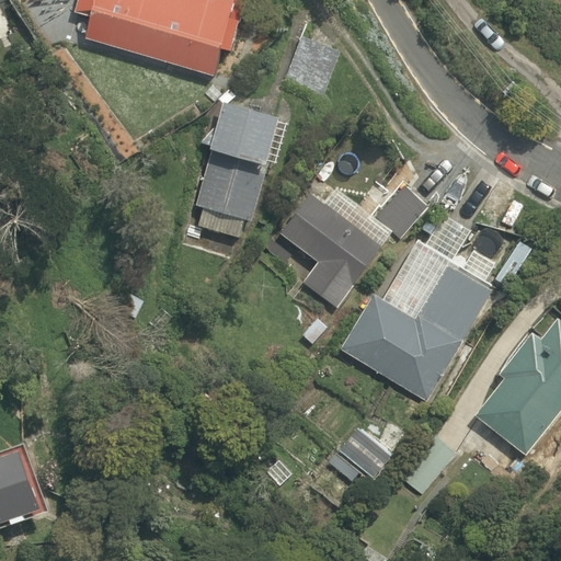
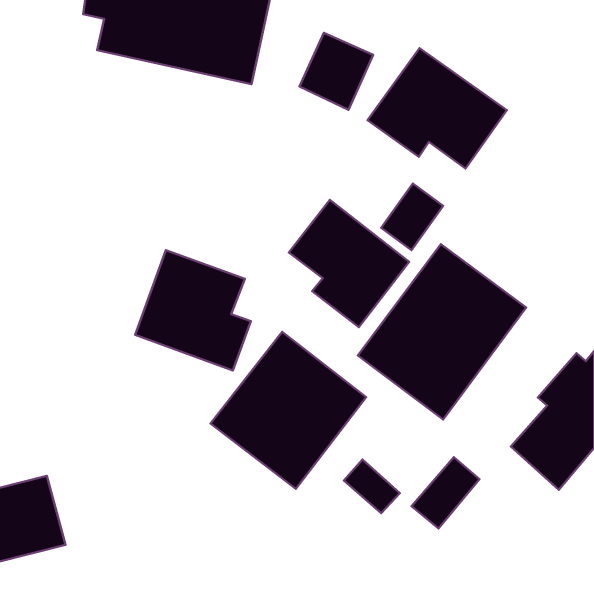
building: none -> [368,48,507,169]
building: [194,99,298,239] -> none
building: none -> [135,250,251,371]
building: none -> [211,332,366,489]

